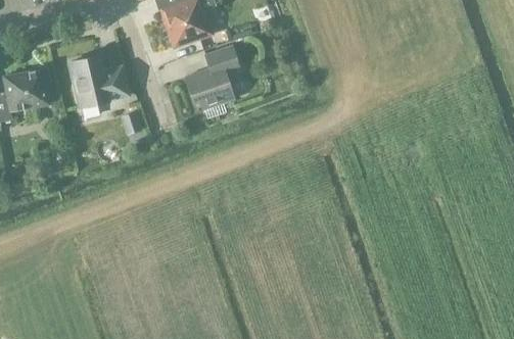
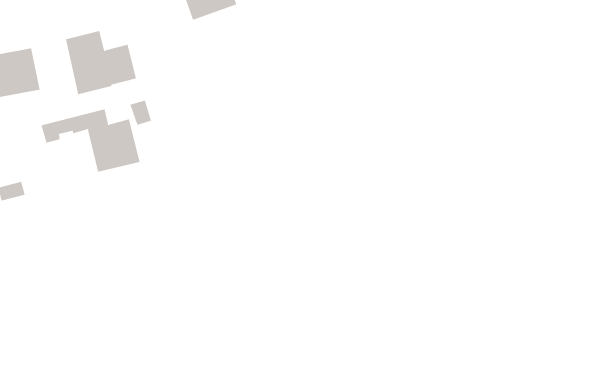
building: [185,45,240,108] -> none
building: none -> [41,109,140,173]

